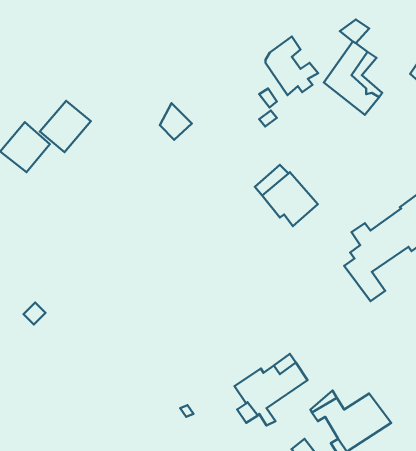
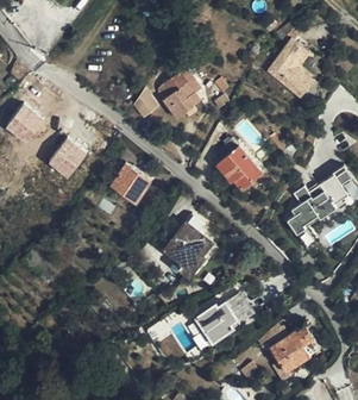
building: [266,36,318,95] -> [158,70,201,118]
building: [40,101,91,152] -> [45,138,87,180]
building: none -> [111,162,150,200]
building: none -> [164,213,213,275]

